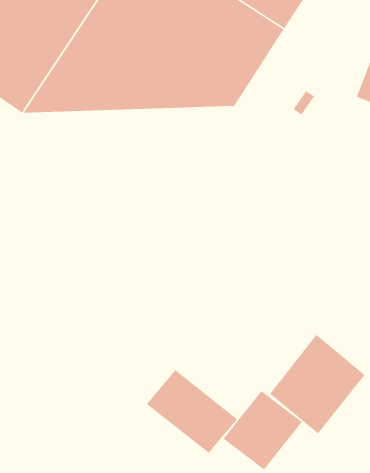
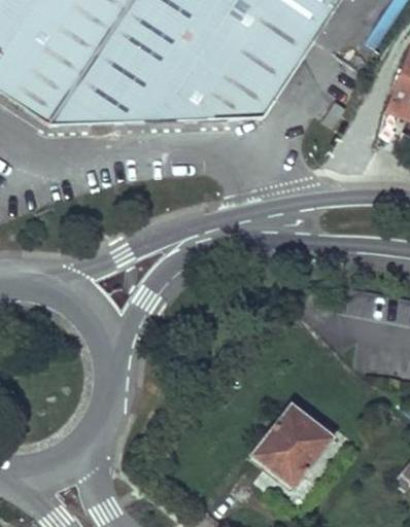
building: [269,334,365,434] -> none
building: [146,369,238,454] -> none

